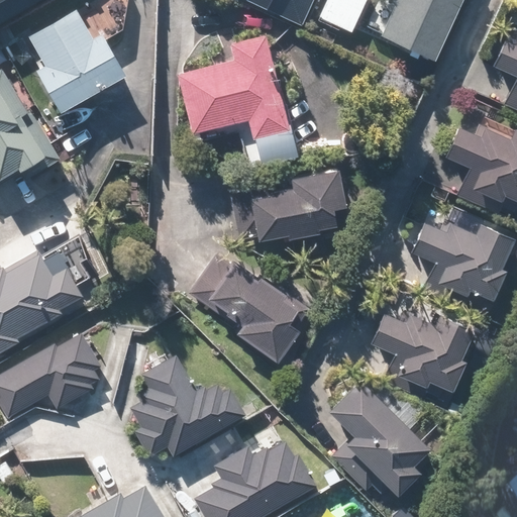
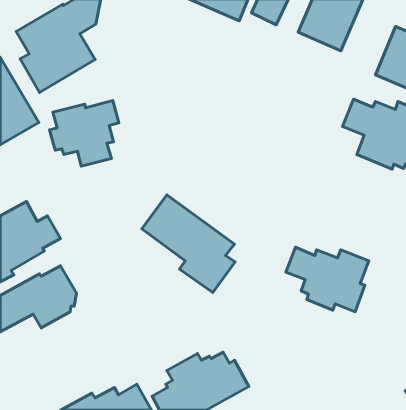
building: [178,34,305,172] -> none
building: none -> [49,101,119,166]
building: [244,172,348,247] -> none
building: [397,220,511,301] -> none
building: [133,357,244,457] -> none
building: [321,378,427,498] -> none

